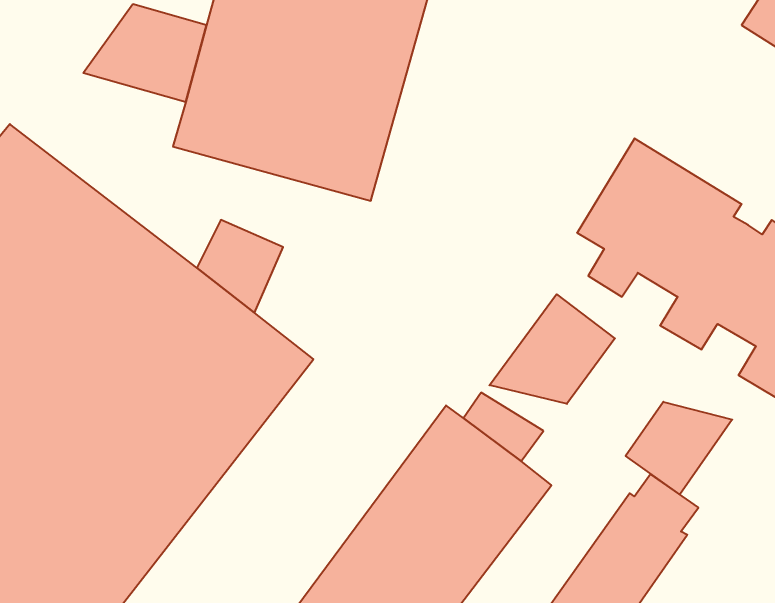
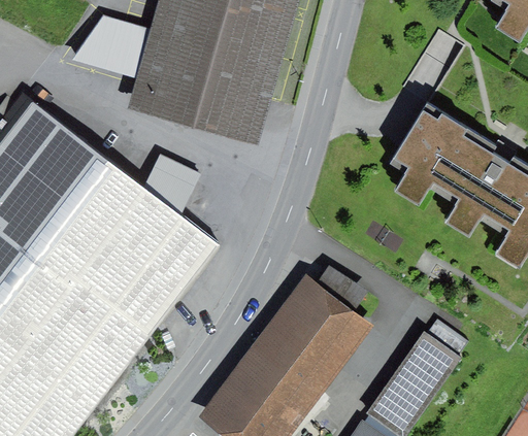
building: [489,294,615,404] -> none
building: [626,402,732,495] -> none

